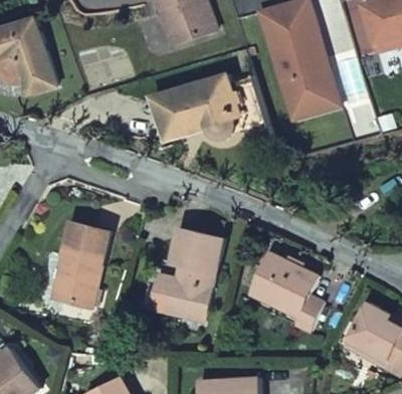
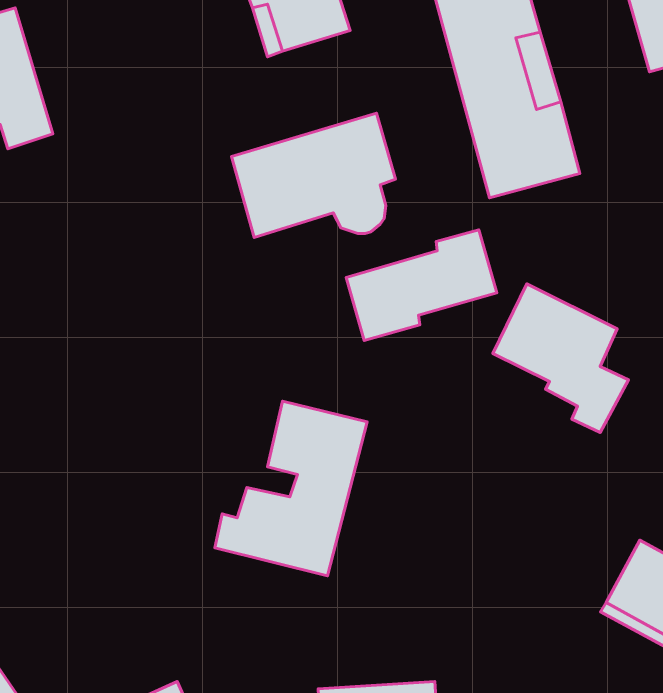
building: none -> [346,230,497,341]
building: [55,221,109,306] -> none
building: [250,251,323,331] -> [493,284,628,432]

